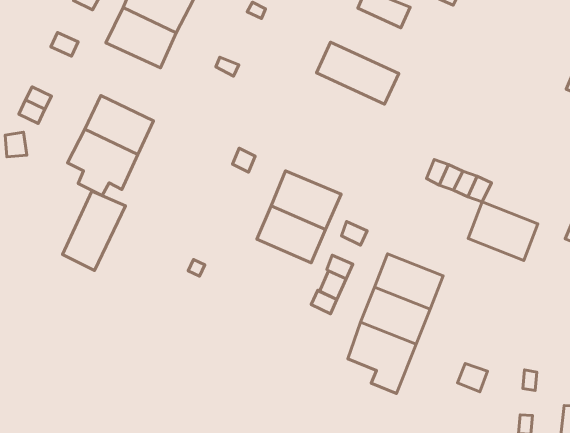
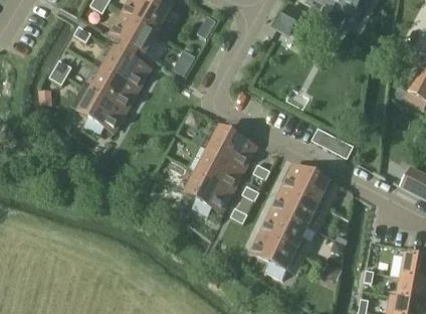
building: [316,42,399,104] -> none
building: none -> [103,46,150,88]
building: [62,191,125,270] -> none
building: [468,202,538,260] -> [282,163,329,203]
building: none -> [186,170,232,214]

